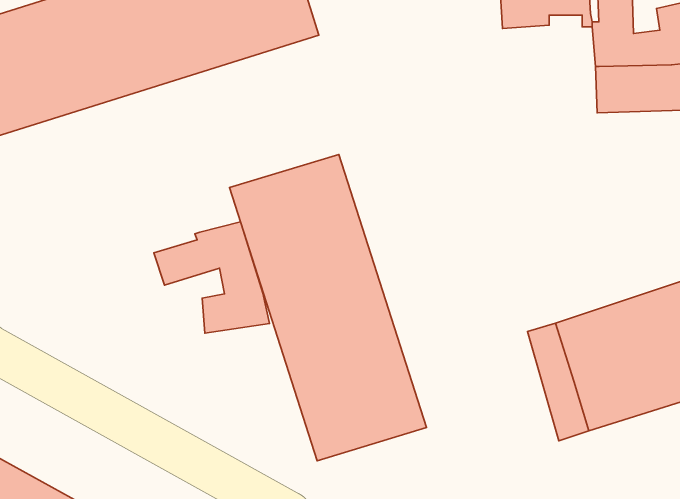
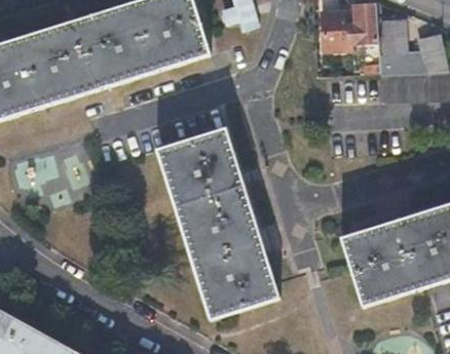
building: [154,222,269,333] -> none

